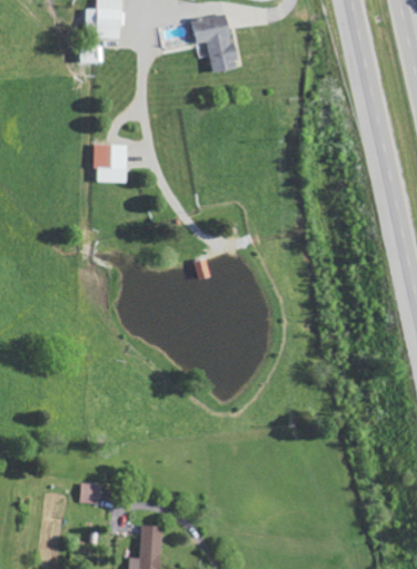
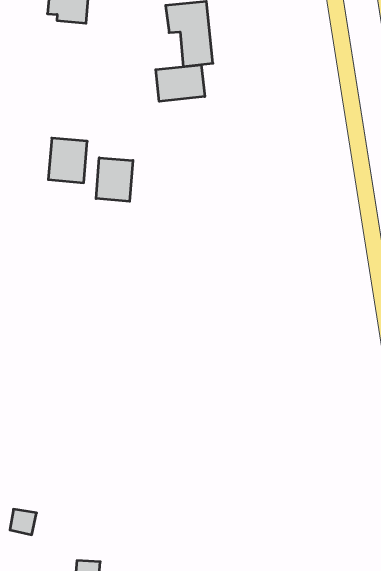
building: none -> [156,65,205,101]
building: none -> [96,158,133,201]

